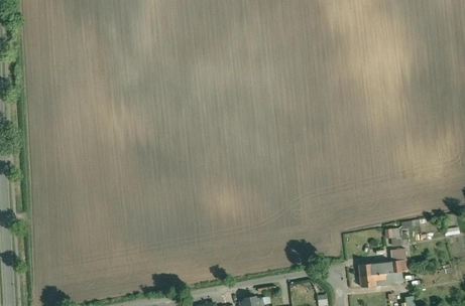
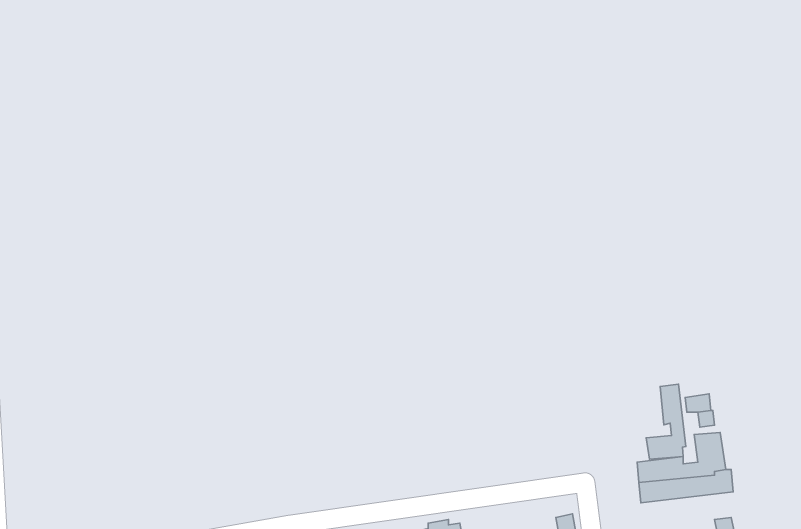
building: none -> [646,384,686,459]

